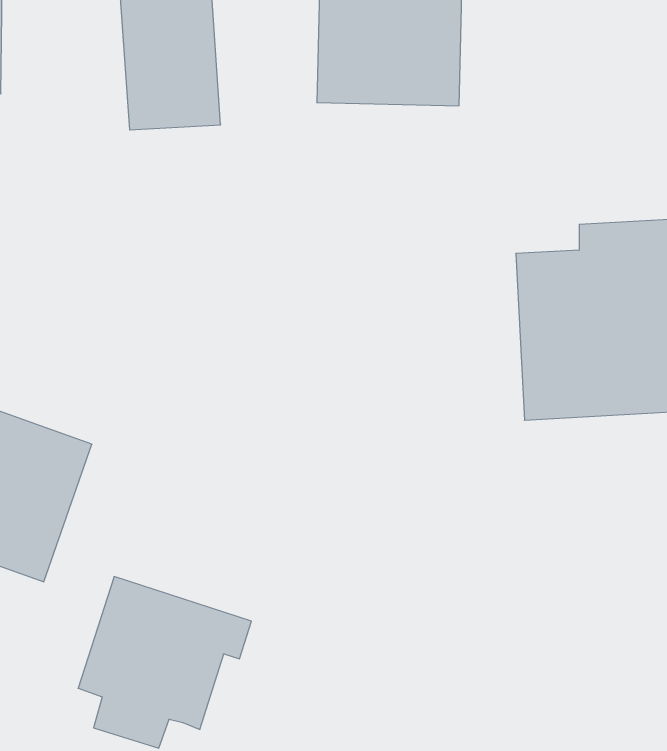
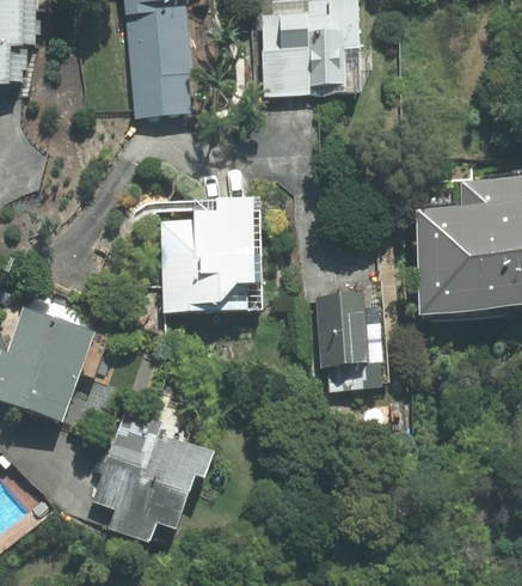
building: none -> [164,197,262,310]
building: none -> [317,292,386,386]

